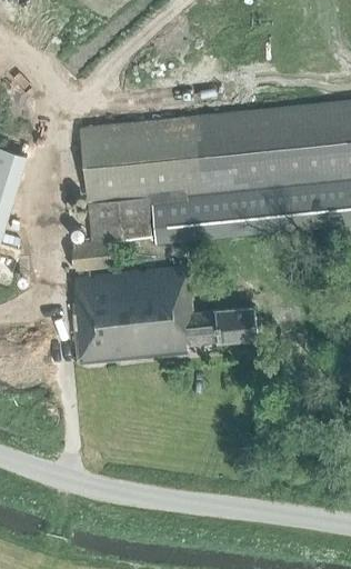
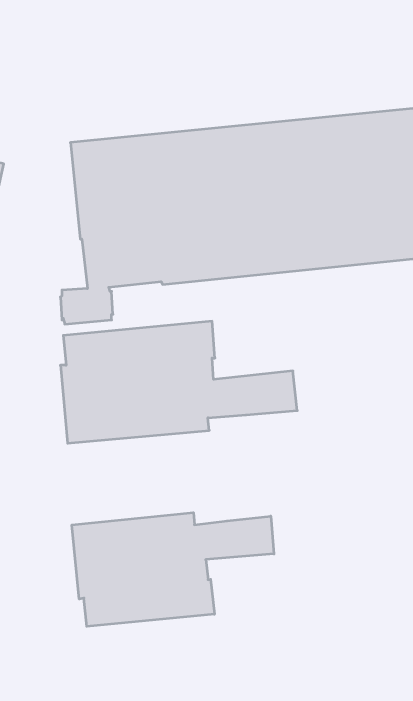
building: none -> [72,513,274,626]

